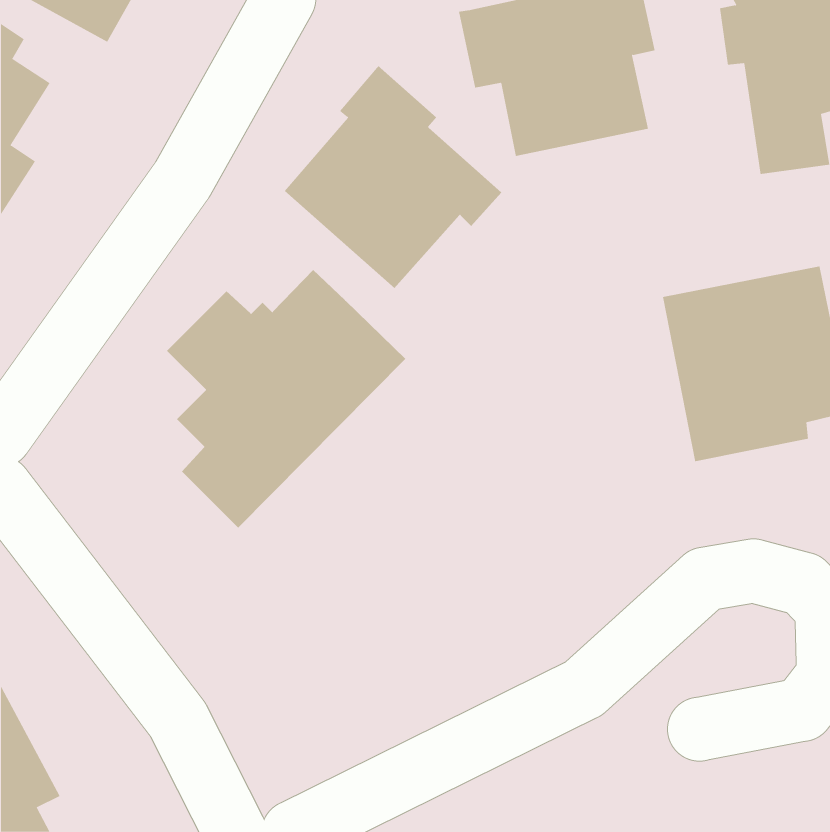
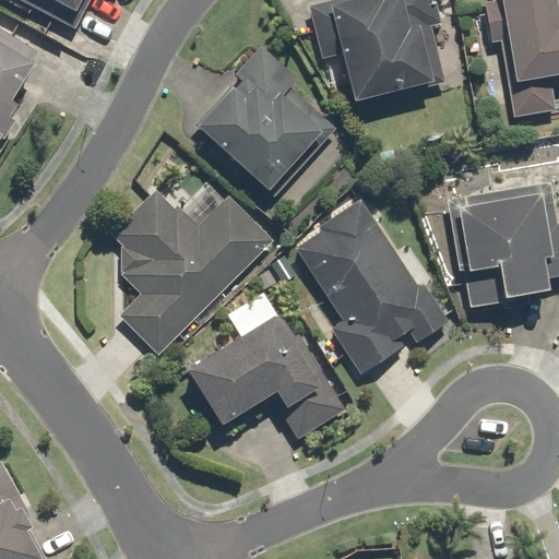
building: none -> [293,199,449,377]
building: none -> [183,295,344,440]

